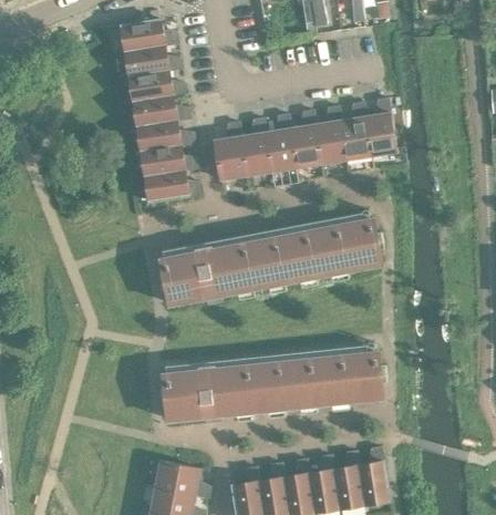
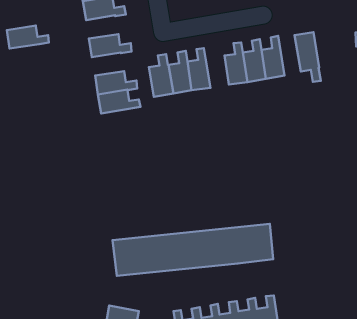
building: [128,70,185,101] -> [7,25,49,48]
building: none -> [295,32,321,82]
building: [289,110,320,167] -> none
building: [136,120,194,151] -> none
building: [162,217,379,305] -> none

